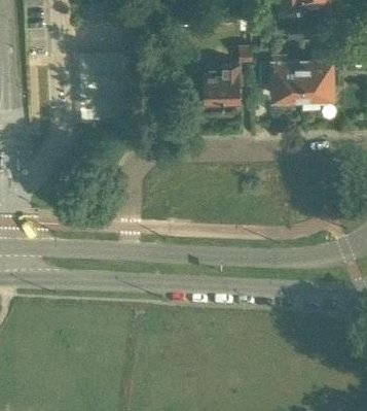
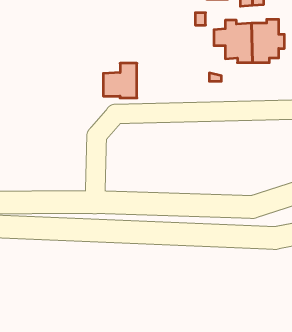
building: [203,67,240,105] -> [103,63,137,98]

